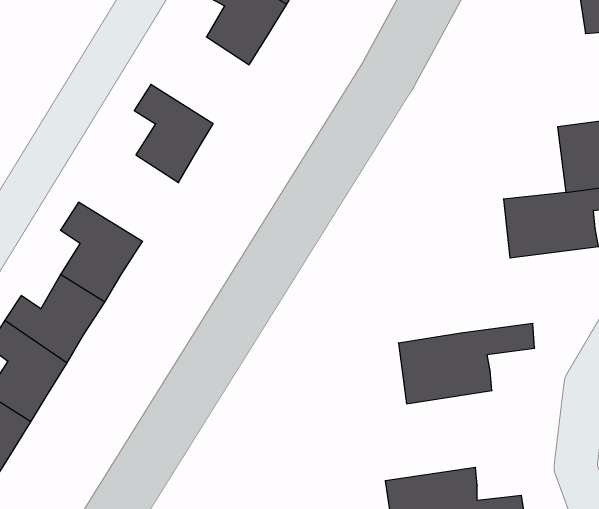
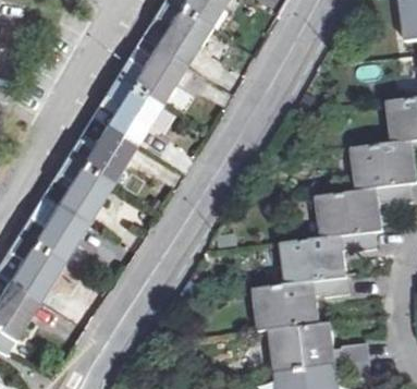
building: none -> [118,42,183,100]
building: none -> [70,121,136,179]
building: none -> [319,187,405,240]
building: none -> [255,278,346,335]

